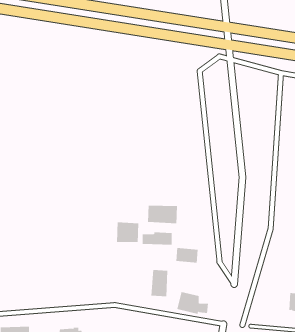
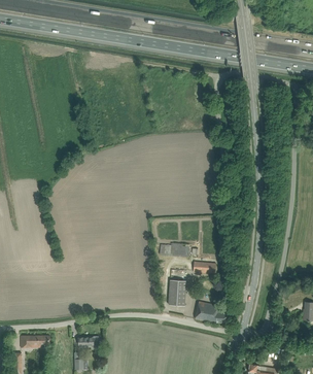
building: [148,205,178,224] -> none
building: [117,221,139,243] -> none

